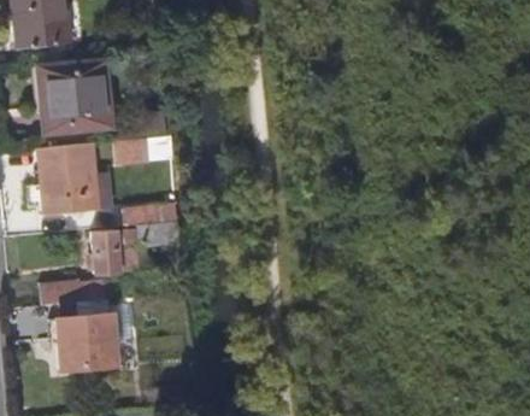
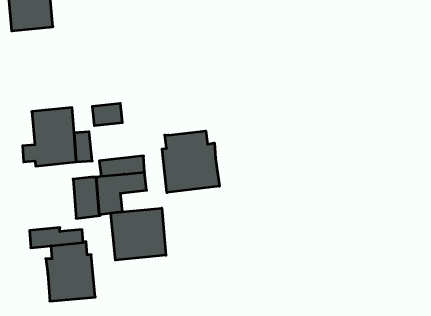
building: [36,64,107,133] -> none
building: none -> [162,131,219,193]
building: none -> [111,208,166,260]

